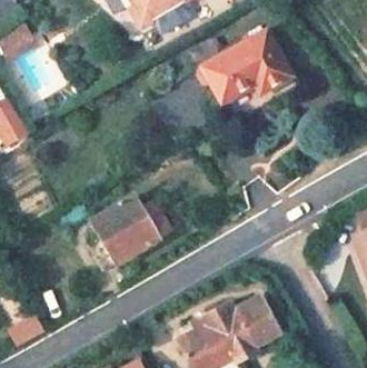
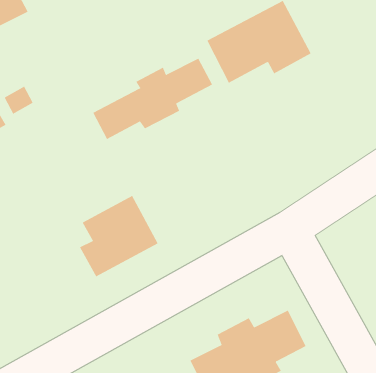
building: none -> [93,58,213,140]

